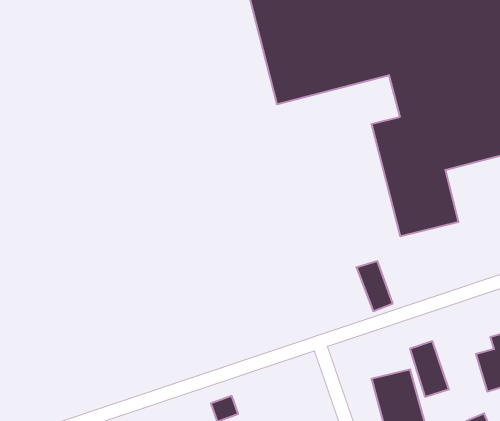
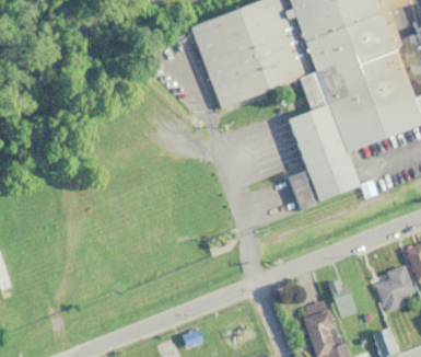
building: [356,261,393,311] -> [288,173,316,210]

